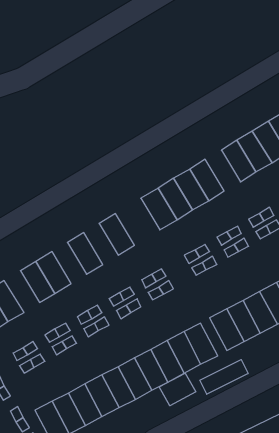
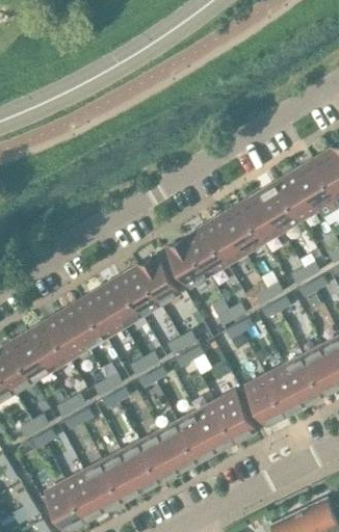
building: none -> [239,194,280,241]
building: none -> [136,256,177,303]
building: none -> [100,278,139,325]
building: none -> [63,300,103,347]
building: none -> [8,332,49,380]
building: [200,360,248,394] -> none
building: [159,373,196,406] -> none

